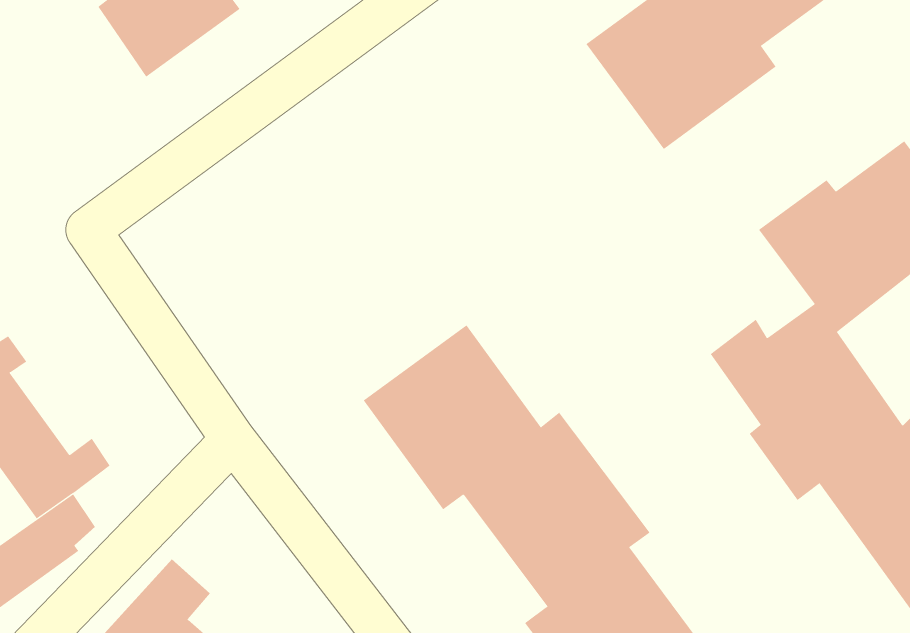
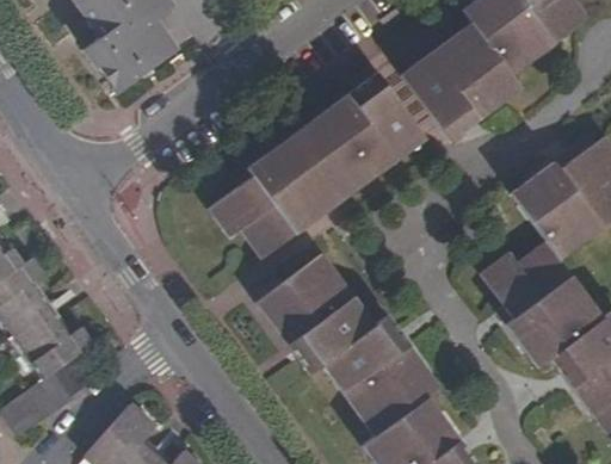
building: none -> [208,72,426,259]

